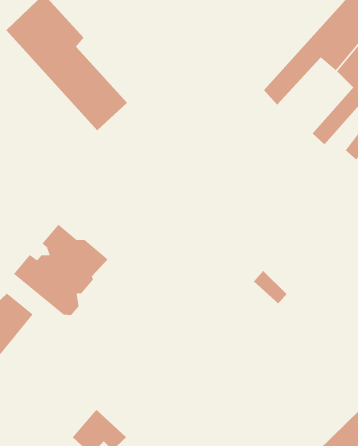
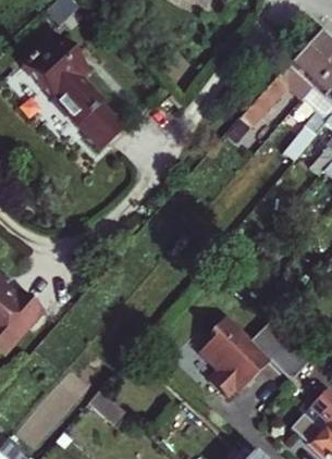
building: [13,224,109,316] -> none
building: none -> [201,317,316,396]

